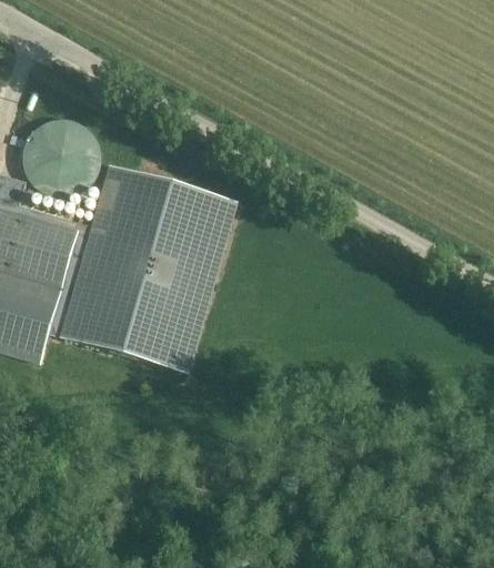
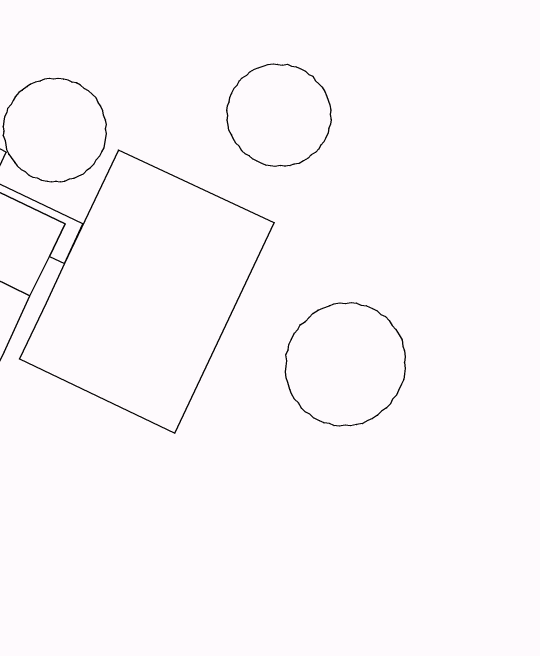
building: none -> [227,64,331,166]
building: none -> [285,303,405,426]

